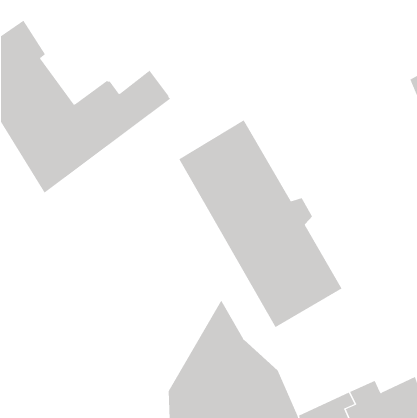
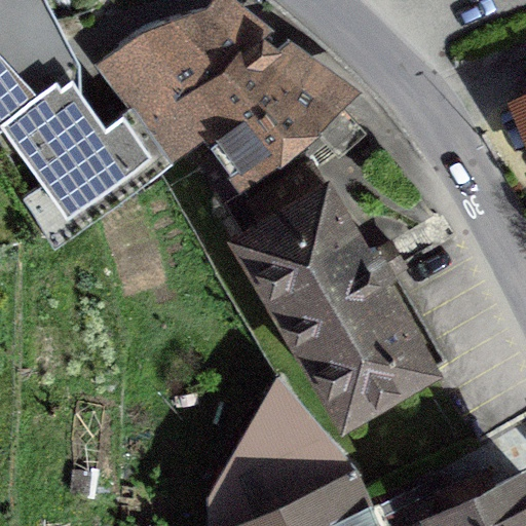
building: none -> [104,9,370,167]

